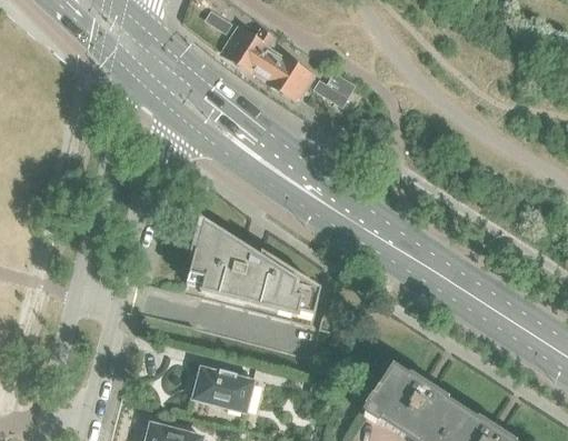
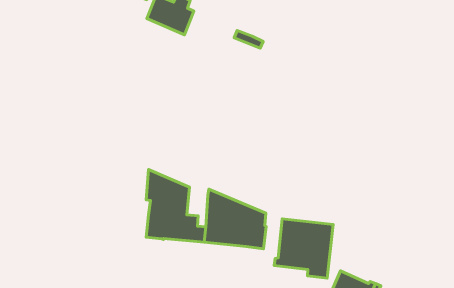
building: [262,51,315,99] -> none
building: none -> [274,219,333,278]

